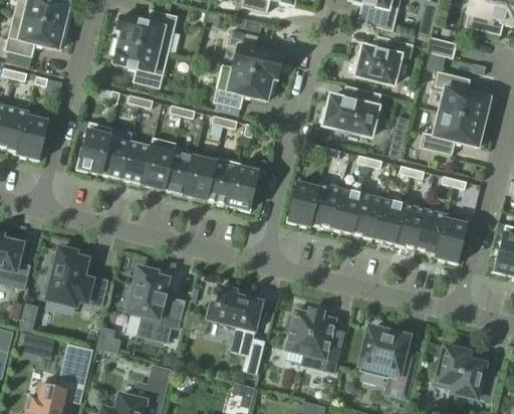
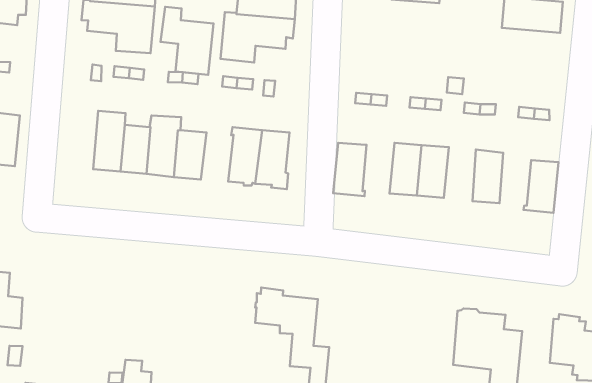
building: none -> [161,7,214,75]
building: [323,85,381,136] -> none
building: [420,111,484,153] -> none
building: [75,121,111,172] -> none
building: [184,157,215,198] -> none
building: [309,182,340,227] -> none
building: [372,198,404,243] -> none
building: [416,209,447,253] -> none
building: [46,247,107,306] -> none
building: [123,266,184,342] -> none
building: [285,308,337,371] -> none

